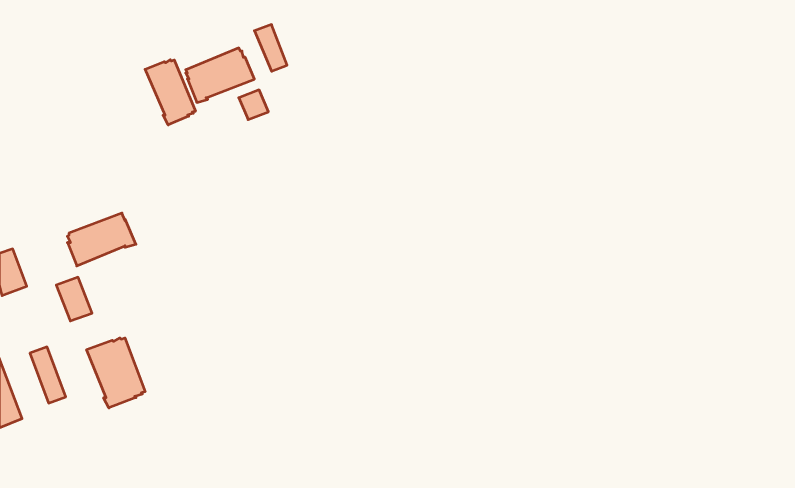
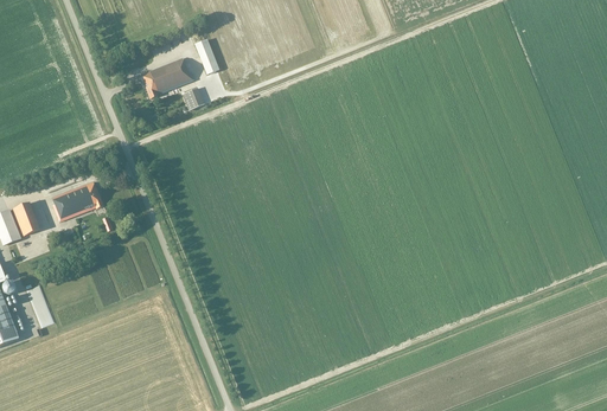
building: [145,60,195,125] -> none
building: [56,277,92,321] -> [13,201,40,235]
building: [87,338,145,408] -> none

